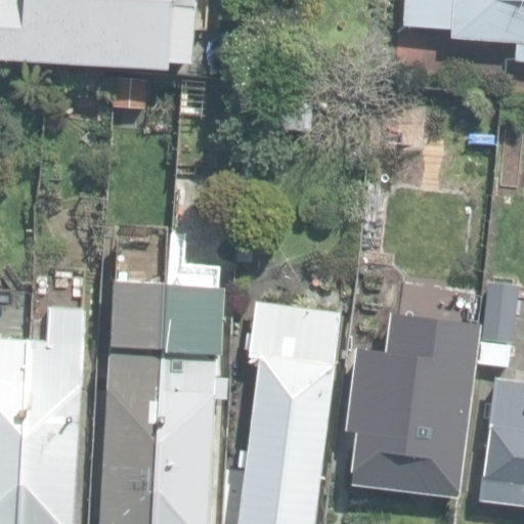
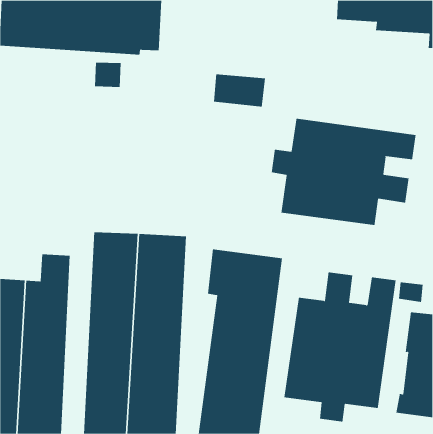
building: none -> [271,118,416,226]

